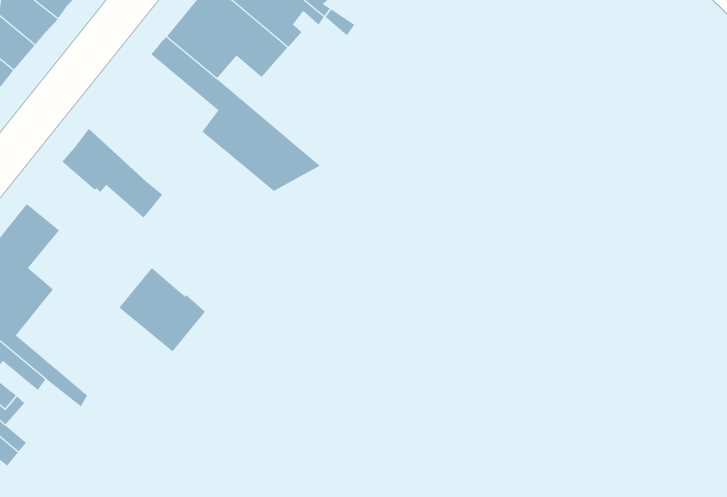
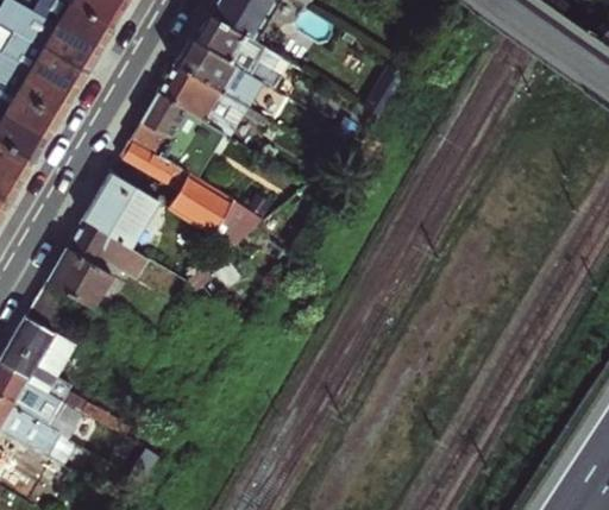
building: none -> [82,174,161,252]
building: [118,267,206,352] -> [45,247,112,309]

